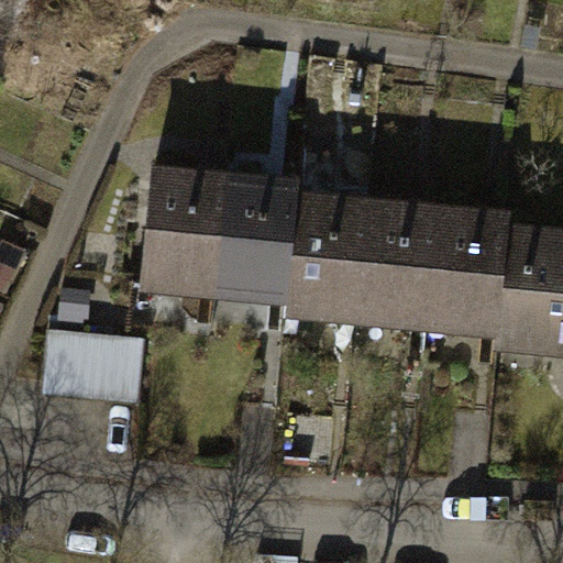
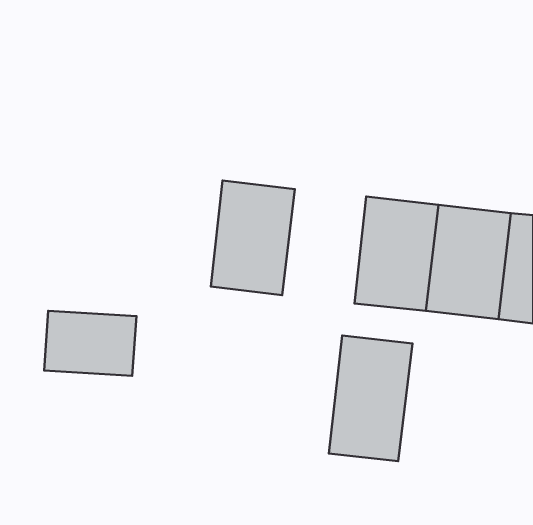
building: [145,180,233,300] -> none
building: [296,198,384,318] -> none
building: none -> [329,335,412,461]

